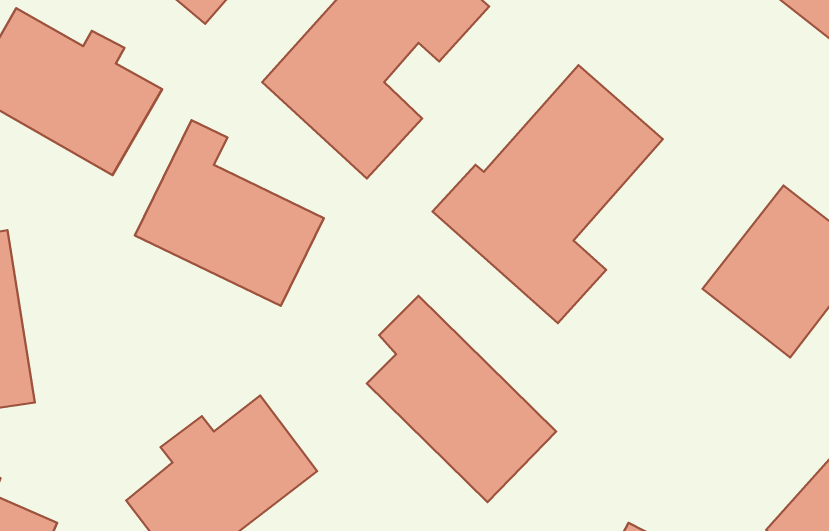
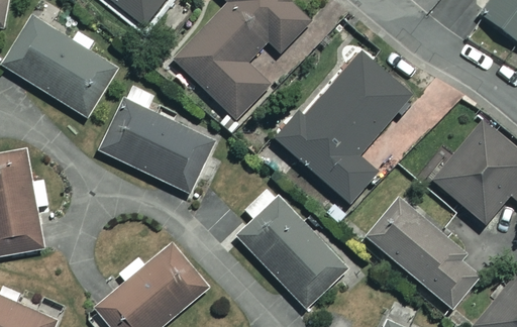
building: none -> [369,202,483,307]

